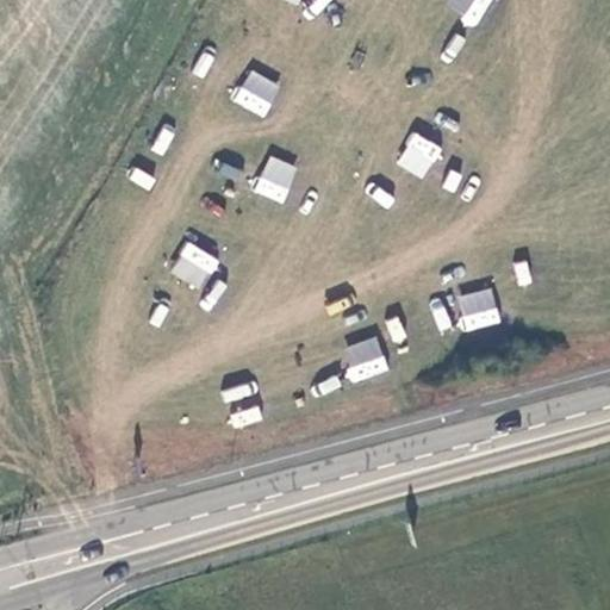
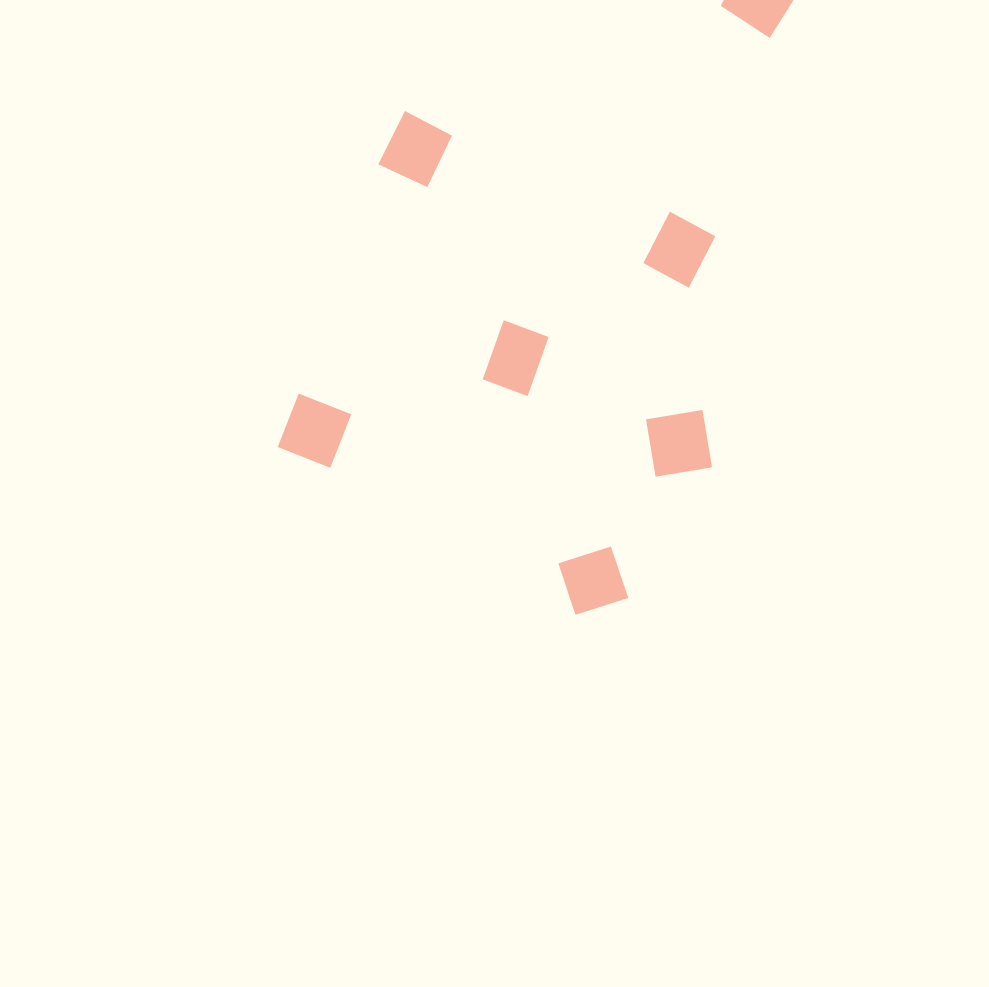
building: [255,154,297,201] -> [482,320,550,397]
building: [458,287,499,329] -> [645,409,713,477]

